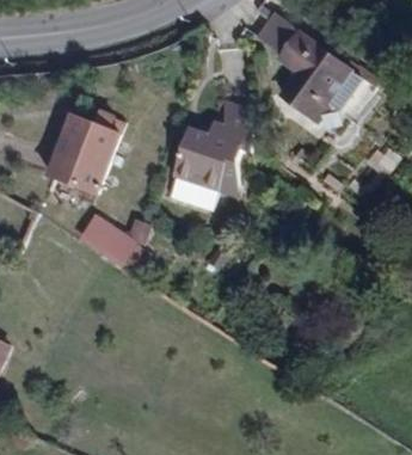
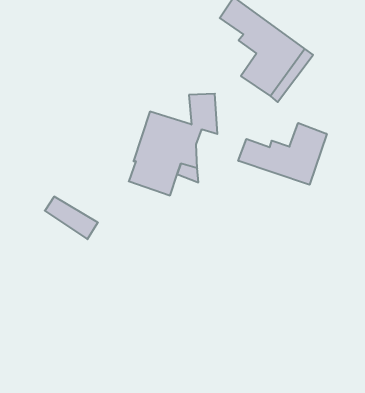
building: [49,115,118,189] -> none
building: none -> [238,123,327,185]

